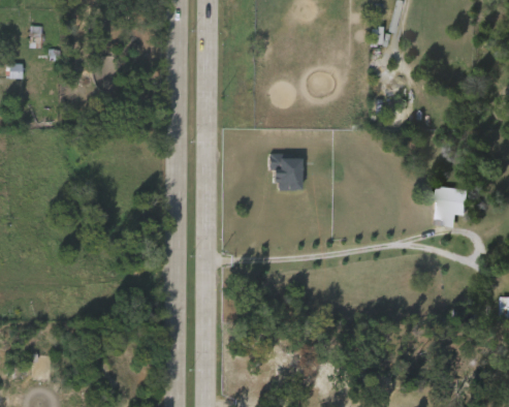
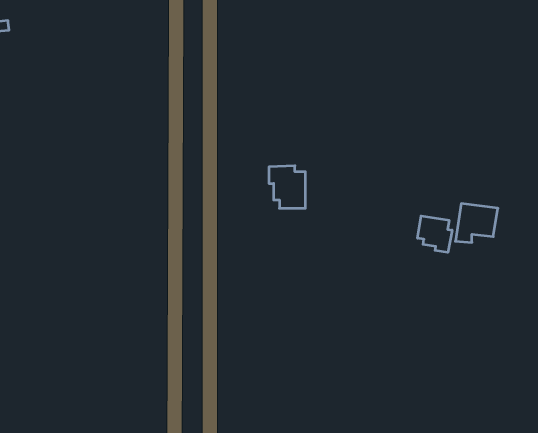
building: none -> [418,216,452,252]

